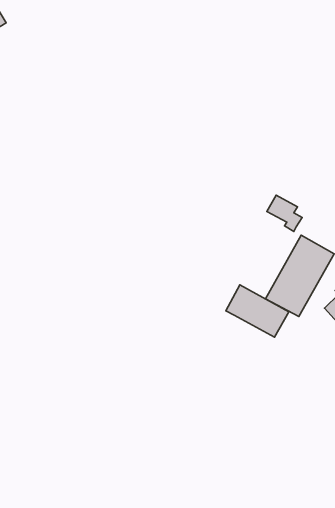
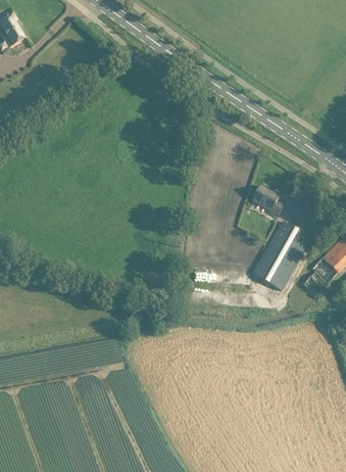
building: [226,285,289,337] -> none

